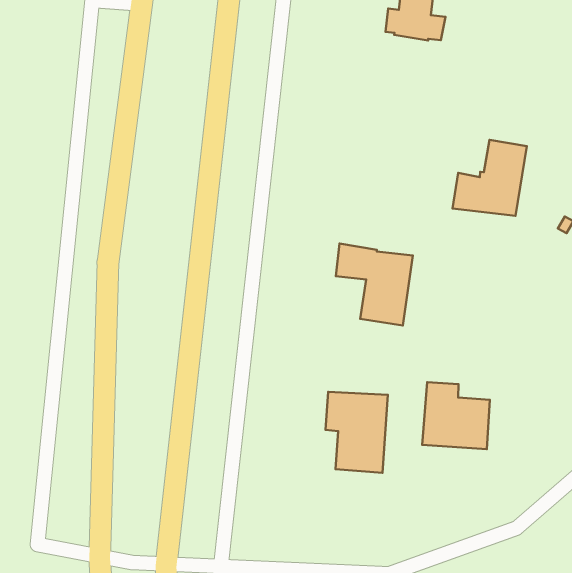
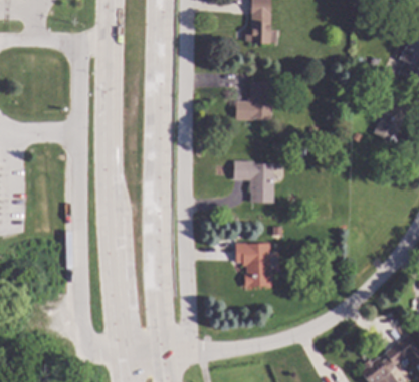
building: [452,140,527,216] -> [235,80,272,120]
building: [422,382,490,449] -> none

